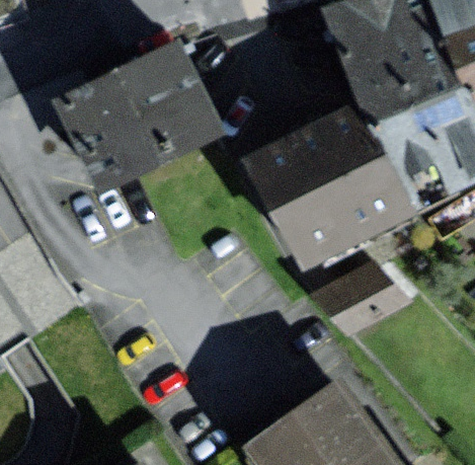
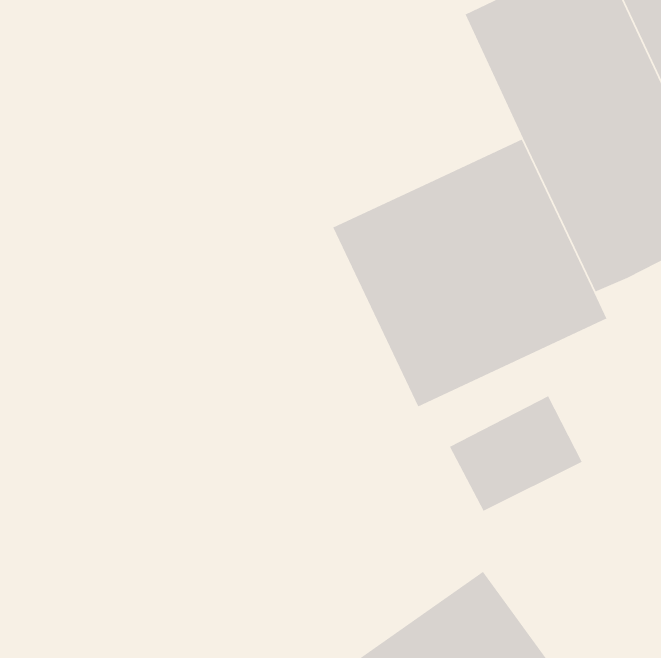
building: [59,45,219,187] -> none

